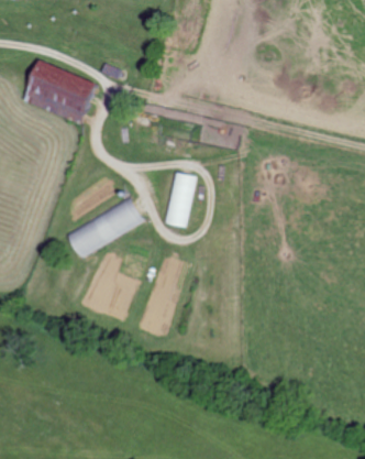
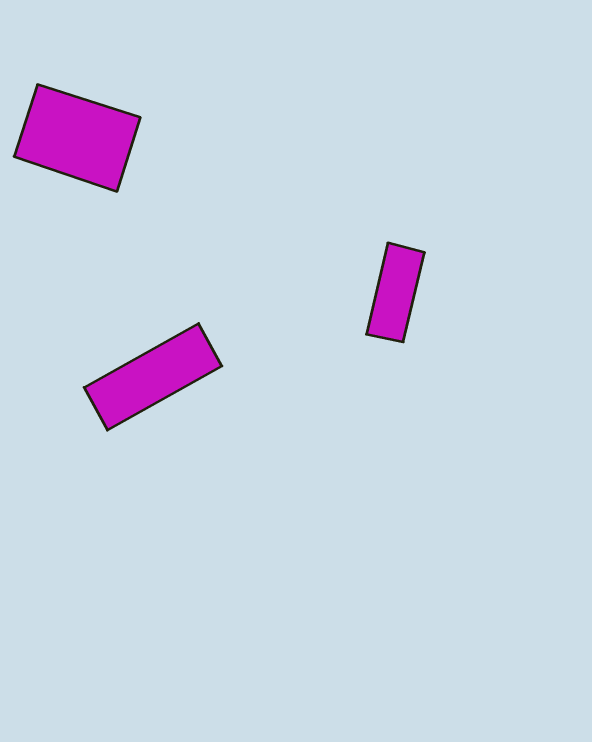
building: [163,173,196,229] -> [366,243,425,342]

